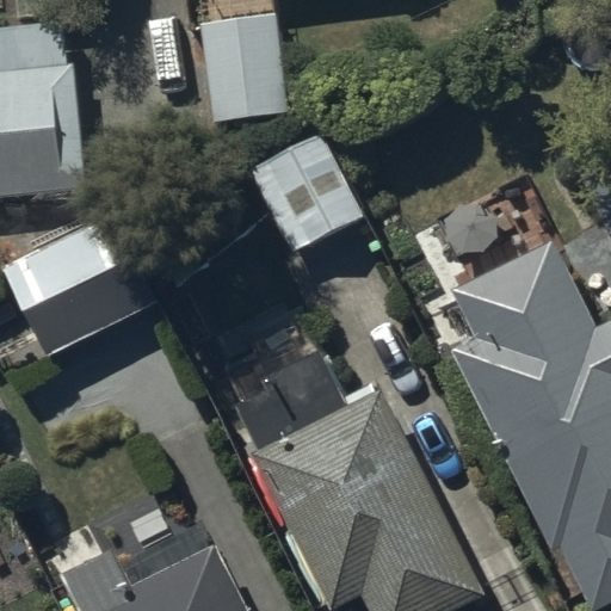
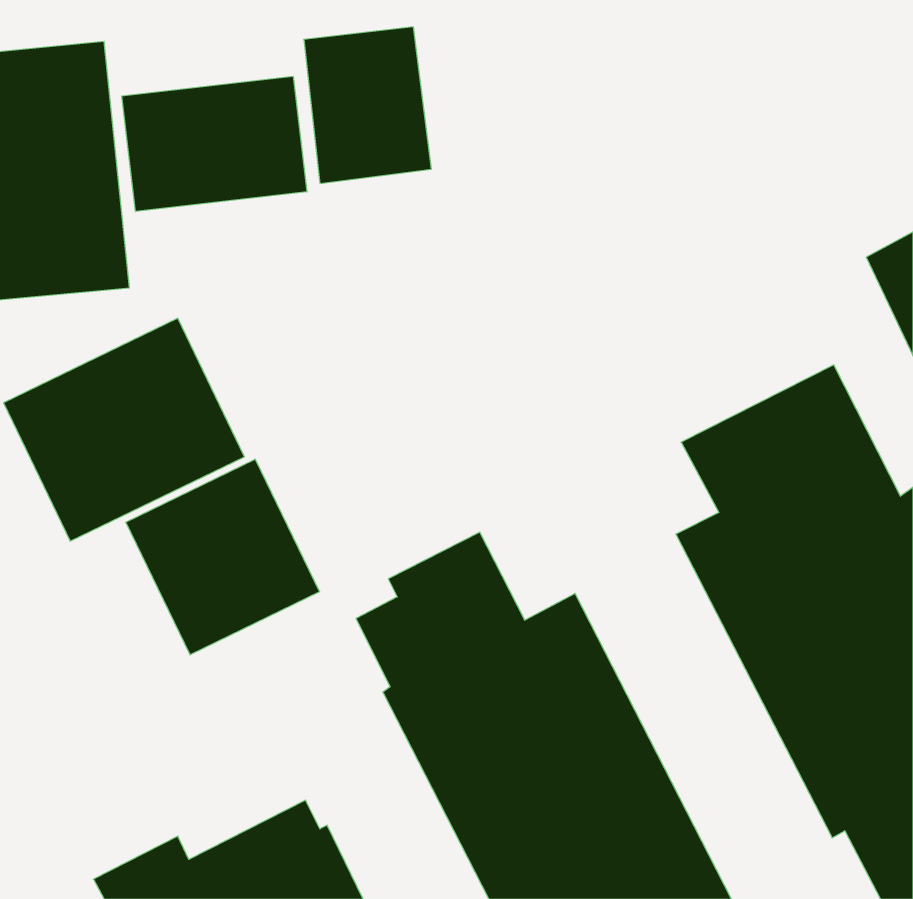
building: none -> [122,76,307,212]
building: [247,129,364,253] -> none
building: none -> [126,459,319,655]

